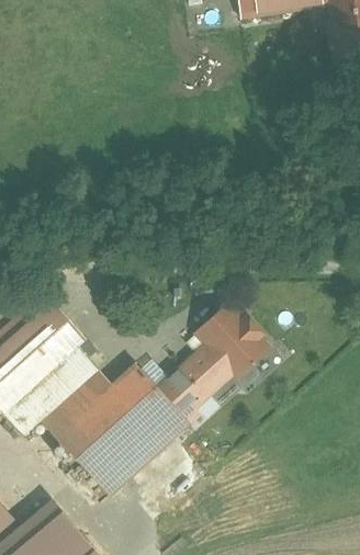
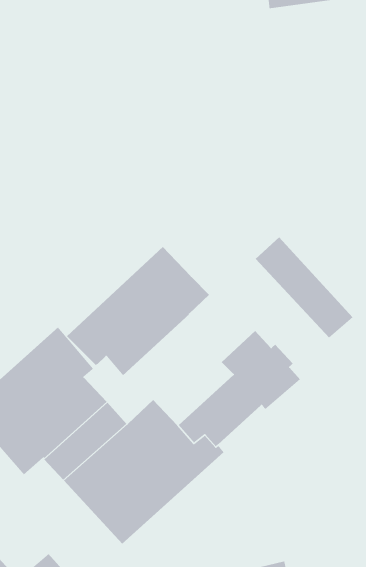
building: none -> [255,236,353,338]
building: none -> [66,246,210,376]

